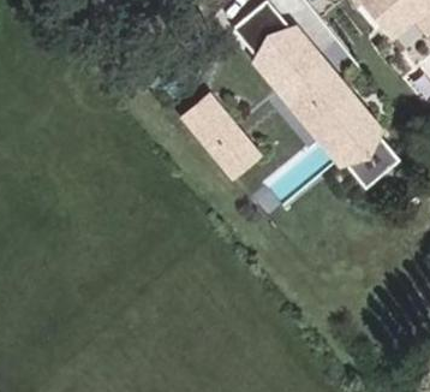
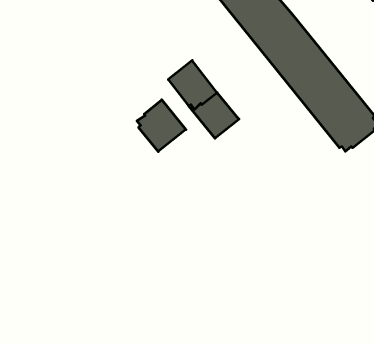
building: none -> [137,100,186,152]

